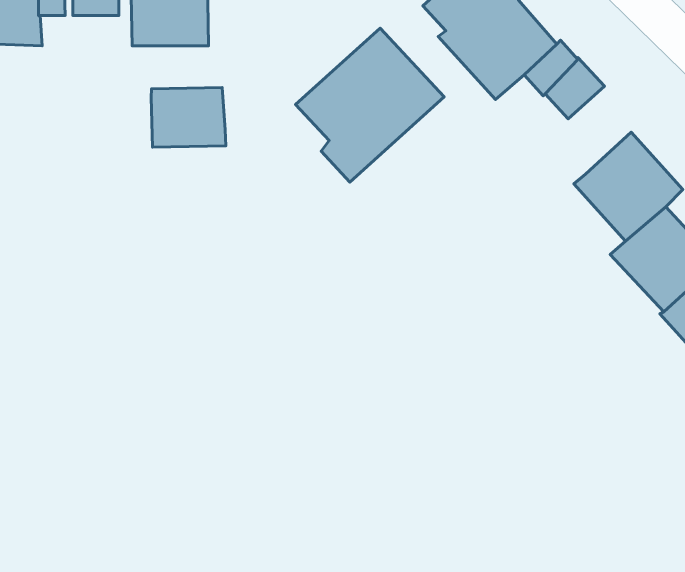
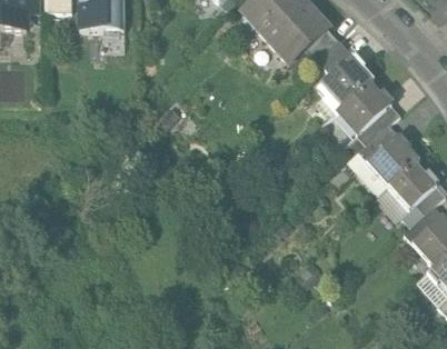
building: [296,28,444,182] -> none
building: none -> [322,53,375,104]
building: [151,88,226,147] -> none

